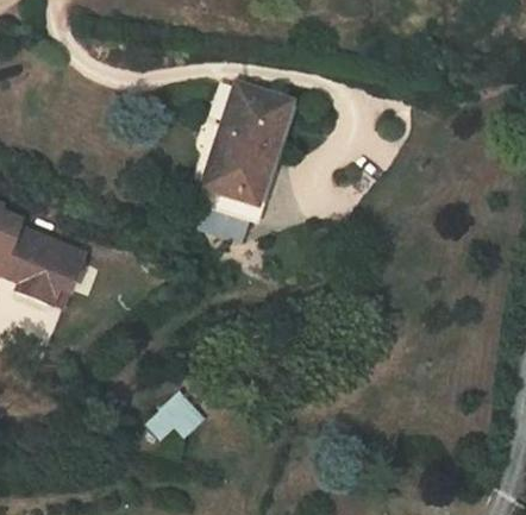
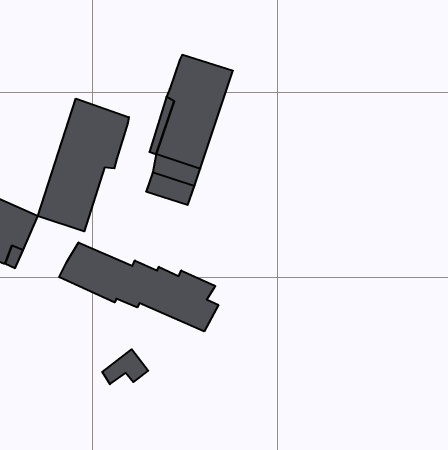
building: none -> [38,99,129,231]
building: none -> [59,242,218,331]

